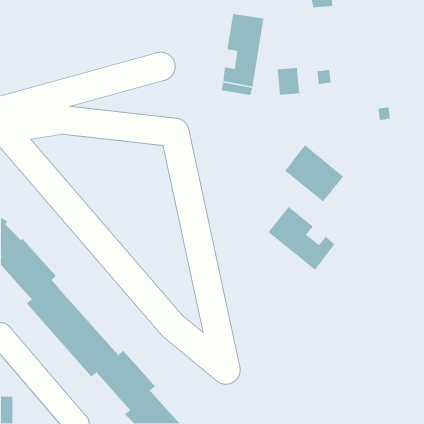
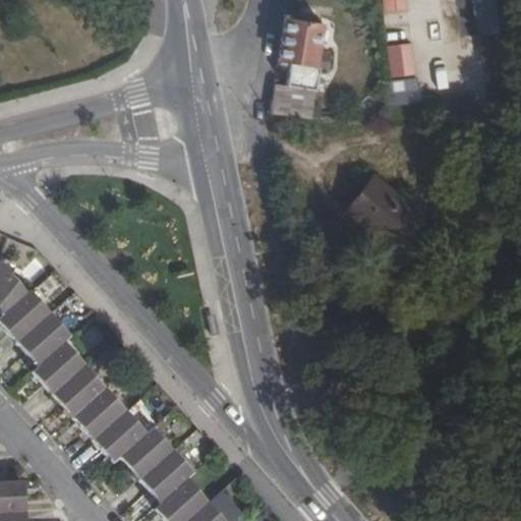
building: [277,67,300,96] -> [388,42,416,76]
building: [267,206,335,271] -> none

